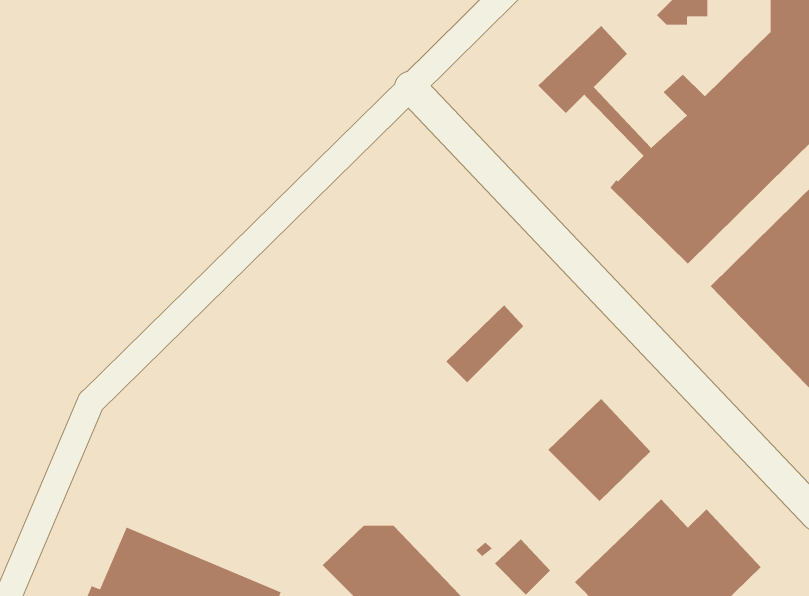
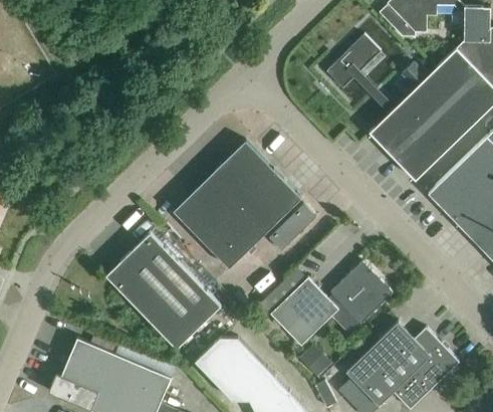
building: none -> [174,142,302,269]
building: none -> [105,233,221,350]
building: none -> [271,277,338,346]

